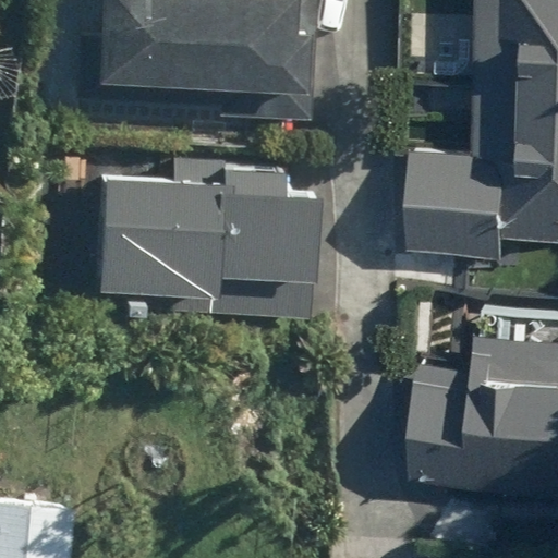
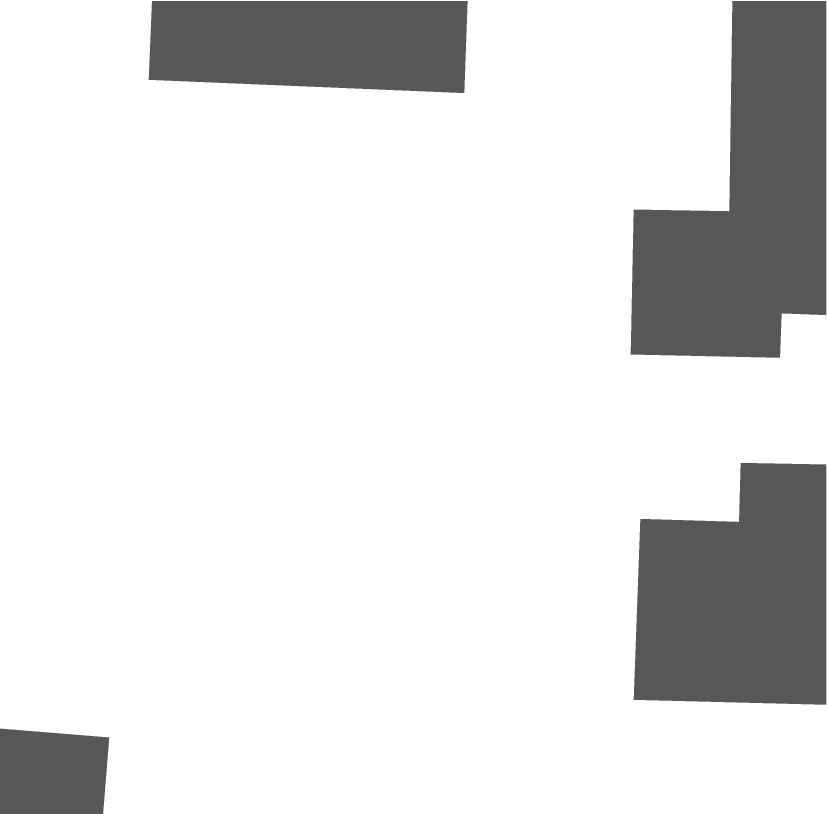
building: [101,169,322,306] -> none

